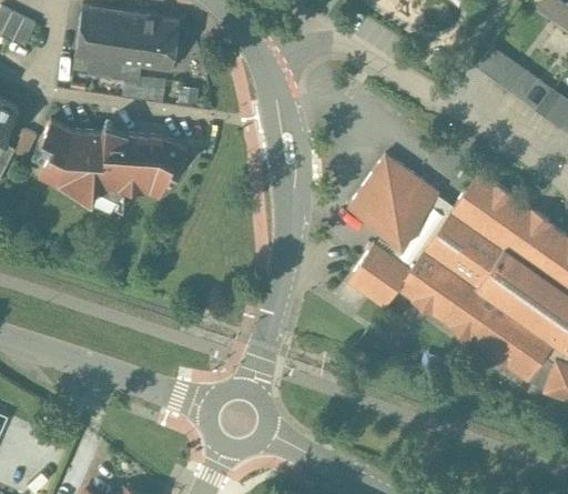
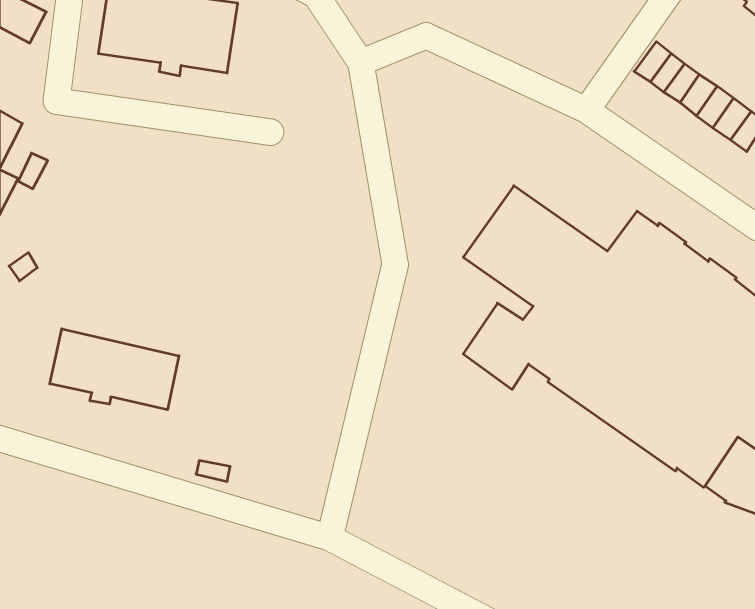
building: [74,57,165,103] -> none
building: [39,120,189,201] -> none
building: none -> [50,329,179,410]

